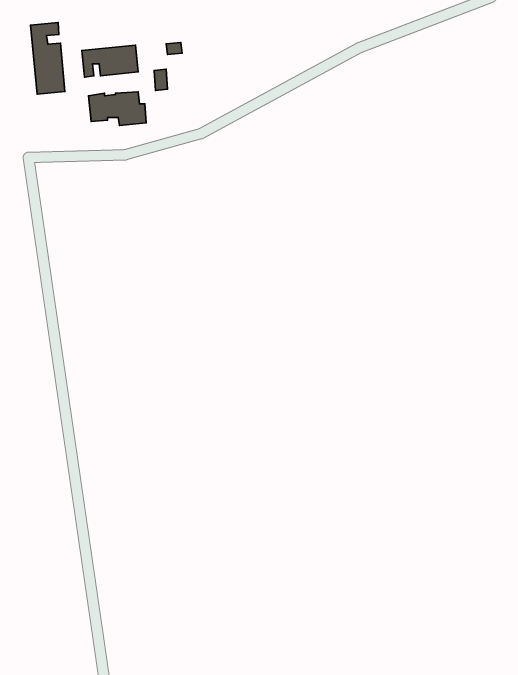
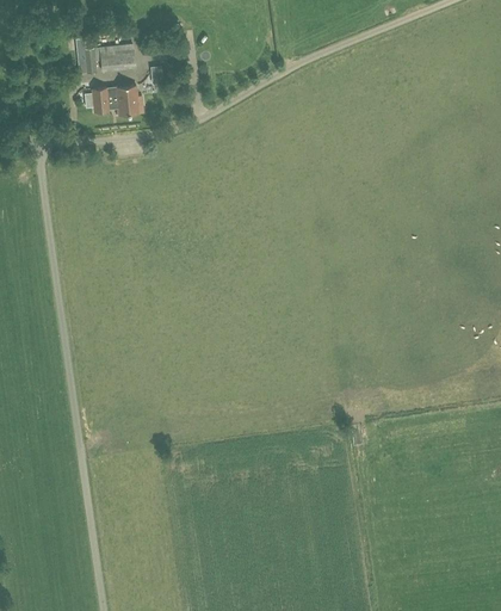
building: [30,22,65,94] -> none

